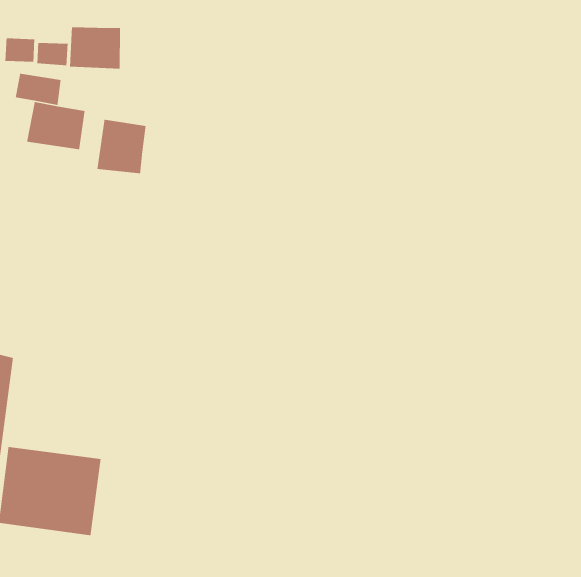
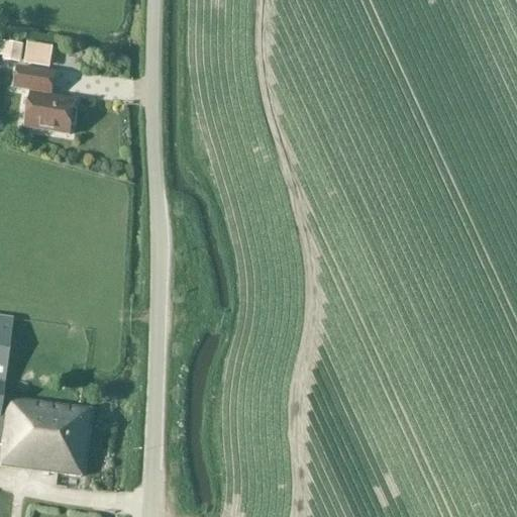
building: [69,26,121,70] -> none
building: [96,119,147,174] -> none

